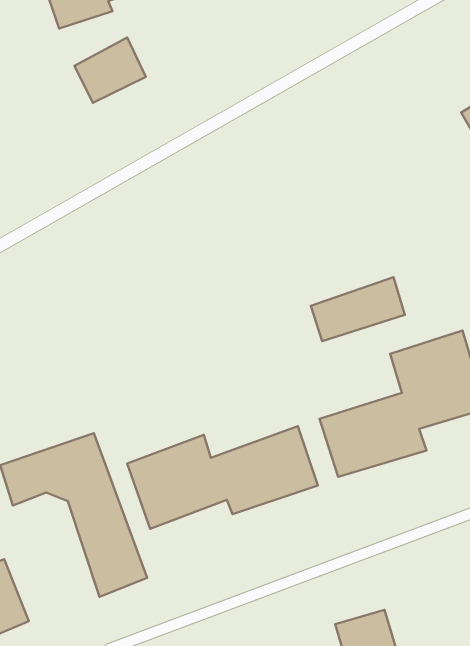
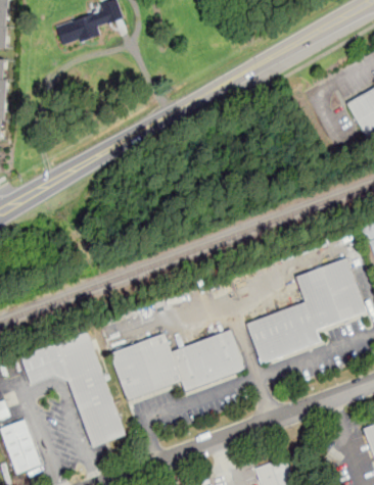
building: [74,38,146,103] -> none
building: [311,277,405,341] -> none

